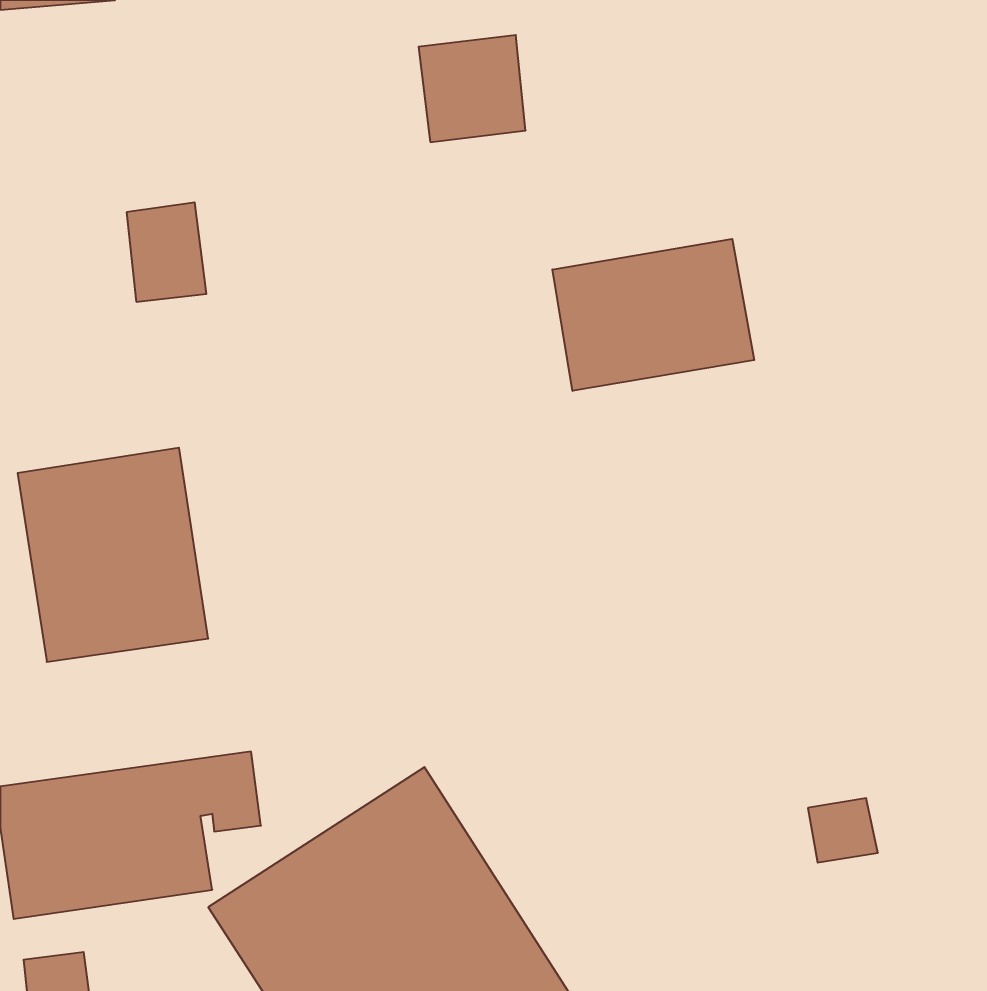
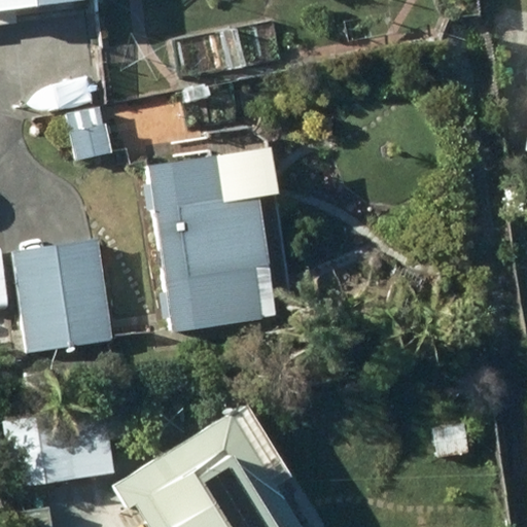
building: [552,239,754,391] -> none
building: none -> [140,154,277,333]

